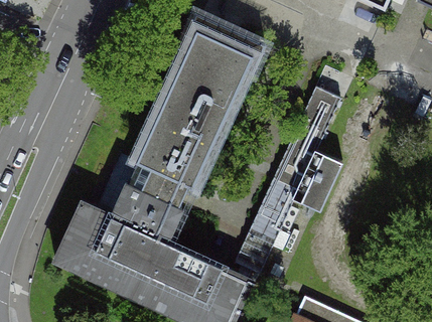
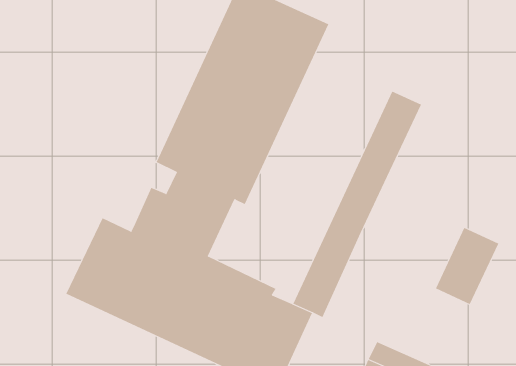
building: [293,159,344,221] -> [435,227,499,305]

